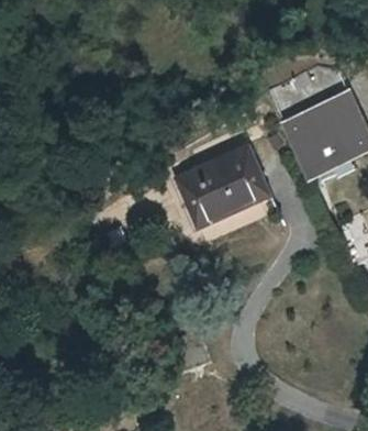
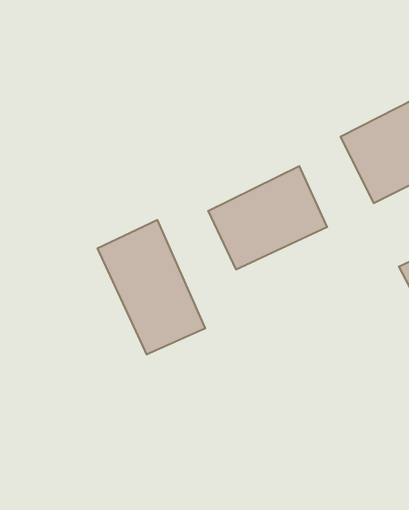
building: none -> [98,220,205,355]

